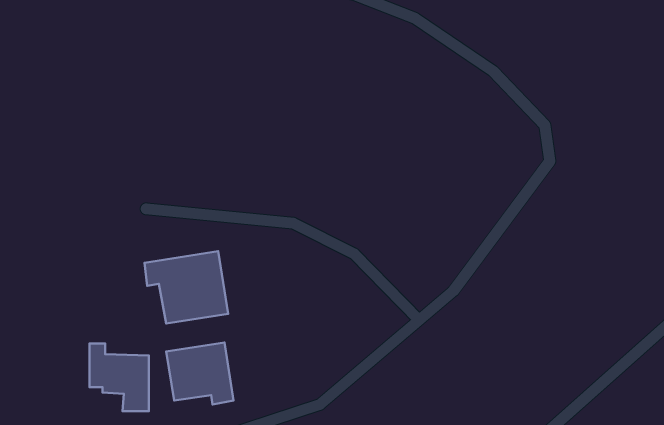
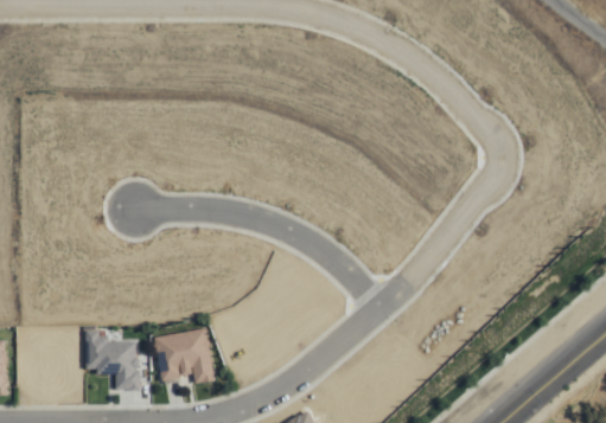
building: [144,251,228,324] -> none

